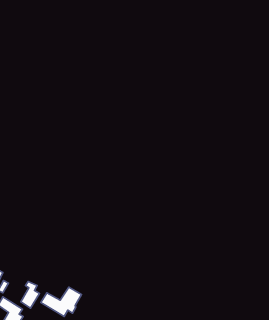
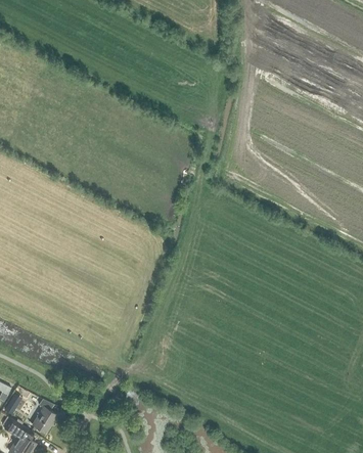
building: [41,287,81,316] -> none

